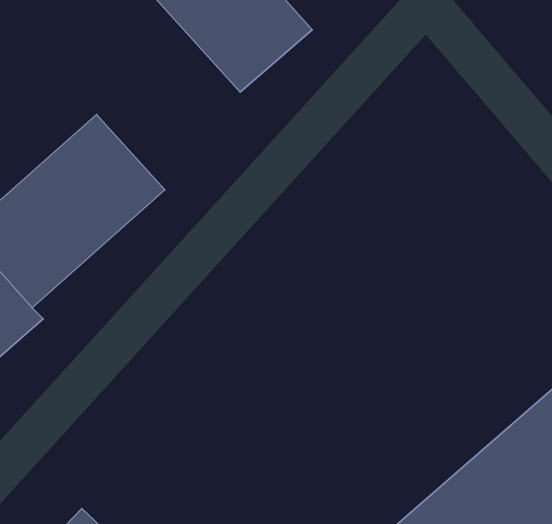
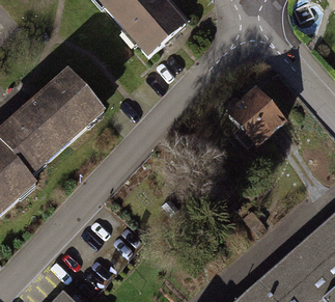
building: none -> [227,83,288,145]

